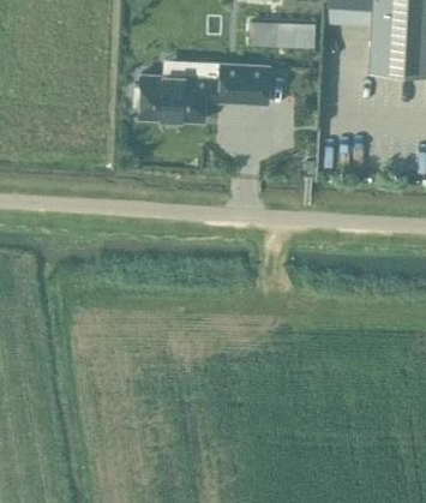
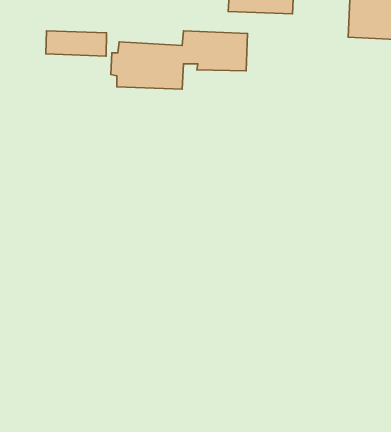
building: none -> [46,31,107,56]

